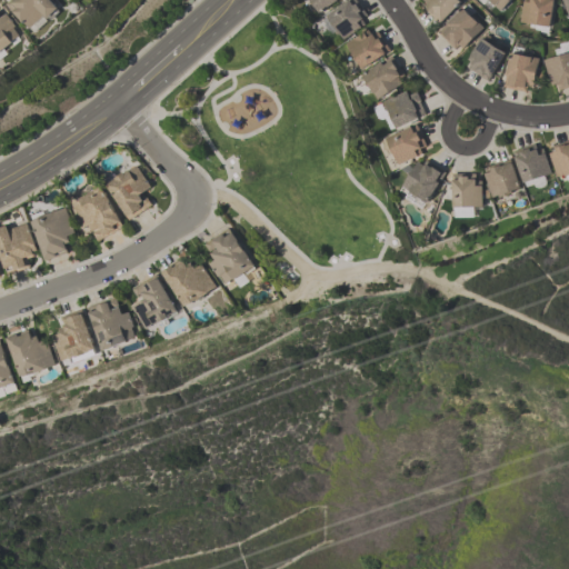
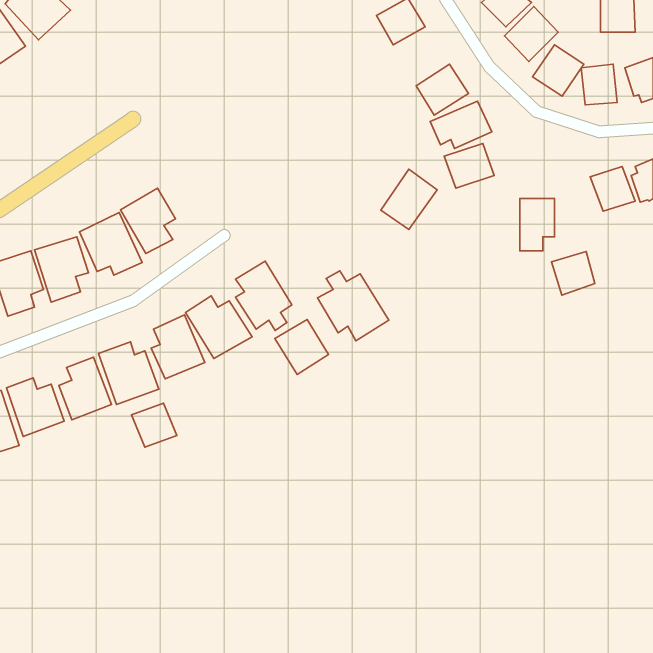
building: [346,28,389,68] -> none
building: [397,157,446,209] -> [381,169,437,229]
building: [482,161,520,199] -> [551,252,595,295]
building: none -> [317,271,389,341]
building: none -> [275,319,329,375]
building: none -> [132,403,177,447]

